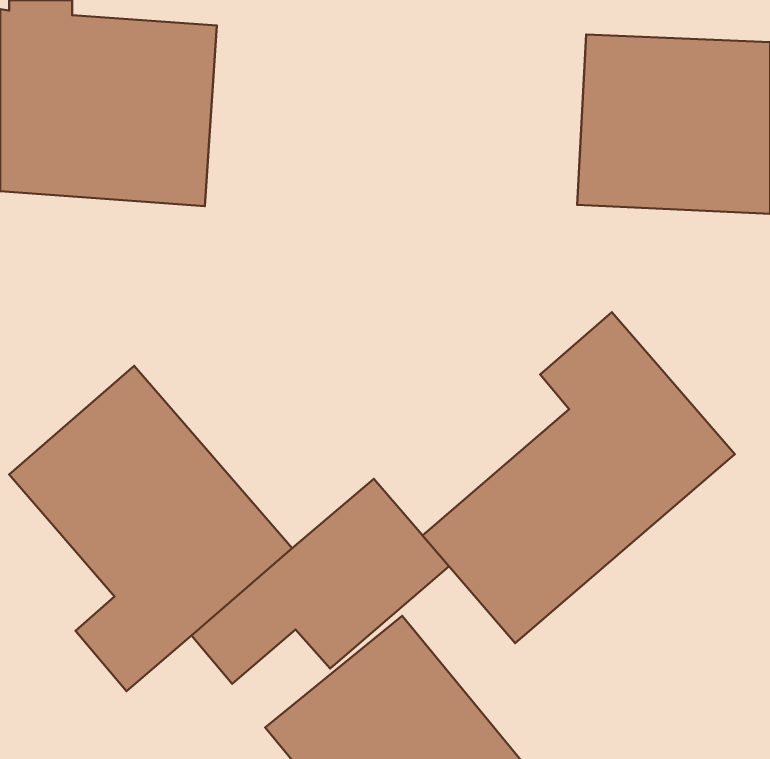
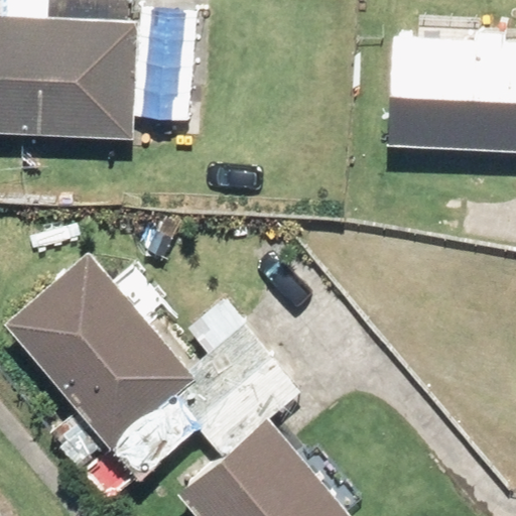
building: [423,312,735,643] -> none

